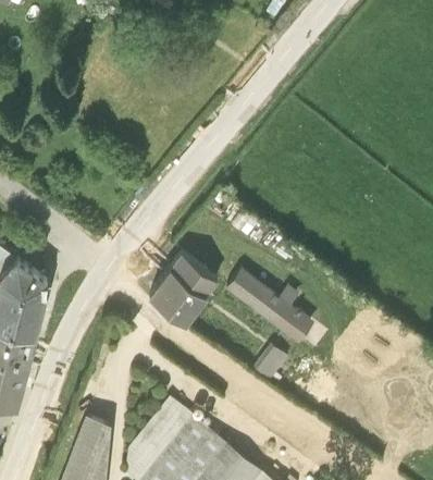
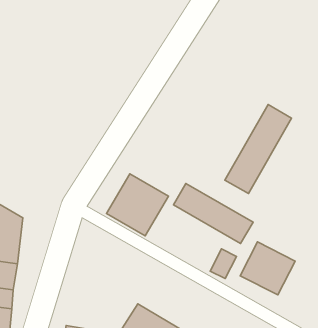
building: none -> [225,105,292,193]
building: none -> [240,242,295,295]

